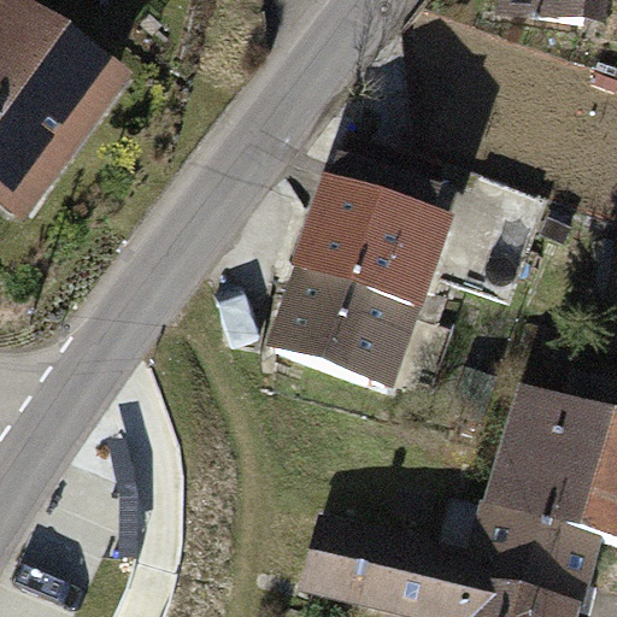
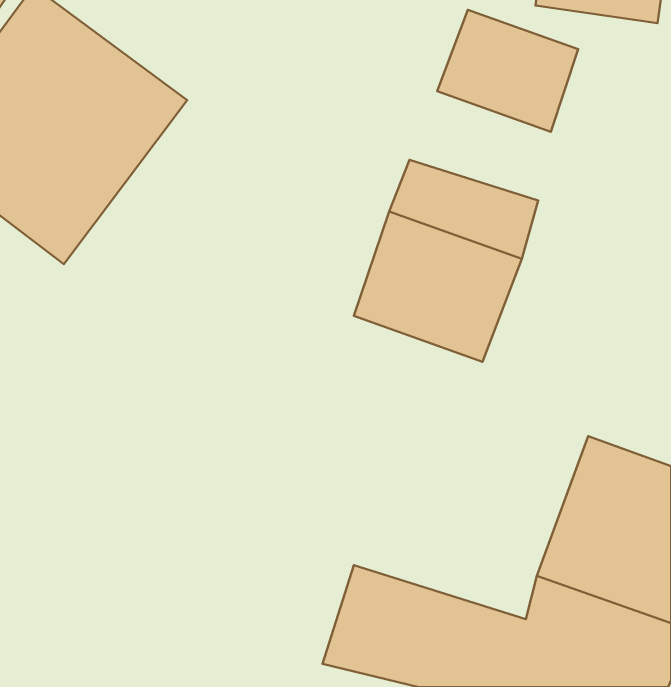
building: none -> [437,10,578,132]
building: [289,281,429,401] -> none

